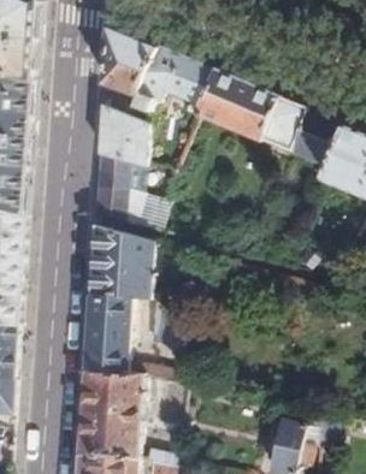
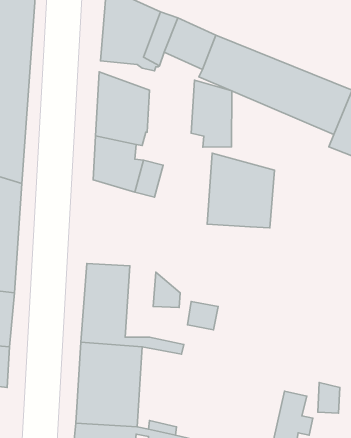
building: none -> [191,80,232,147]
building: [87,226,153,300] -> [207,153,275,228]

